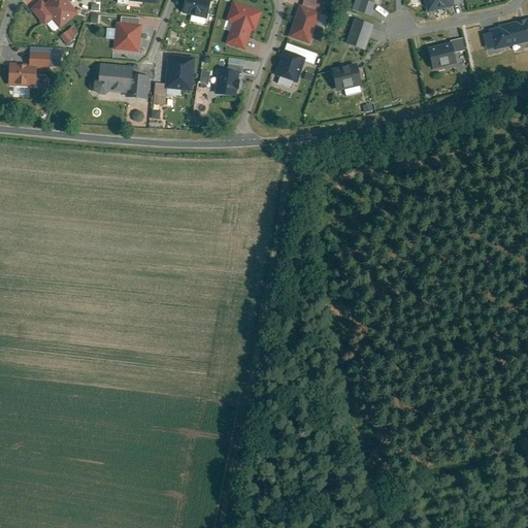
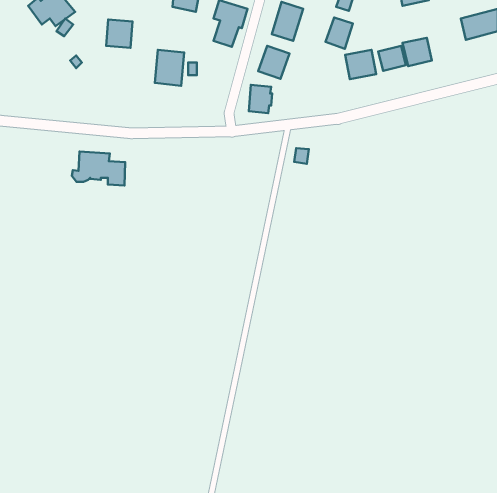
building: [9,48,53,88] -> none
building: none -> [378,46,406,71]
building: [330,61,363,92] -> [345,50,376,79]
building: [94,63,151,99] -> [72,152,125,186]
building: [217,68,241,98] -> [249,85,272,113]

